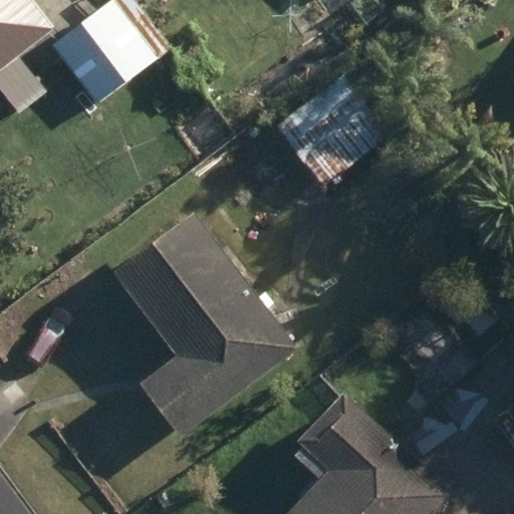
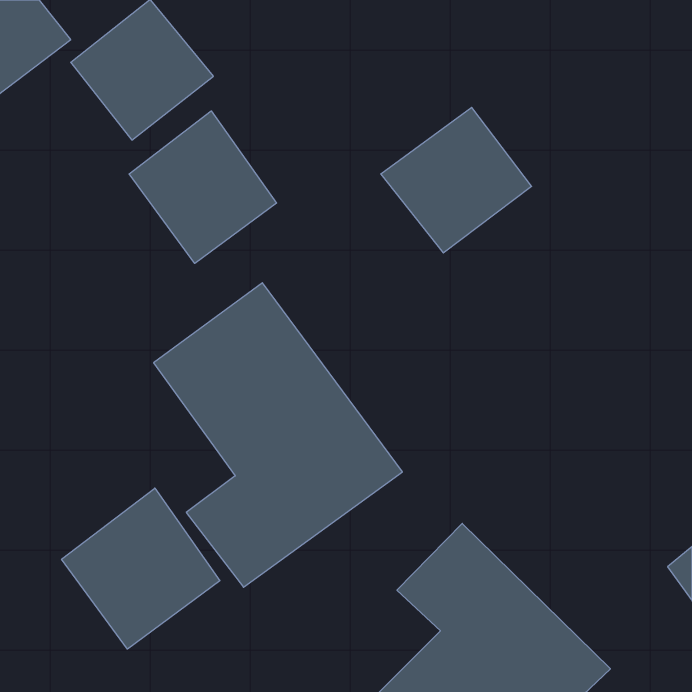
building: none -> [129,111,277,263]
building: none -> [62,488,220,649]

